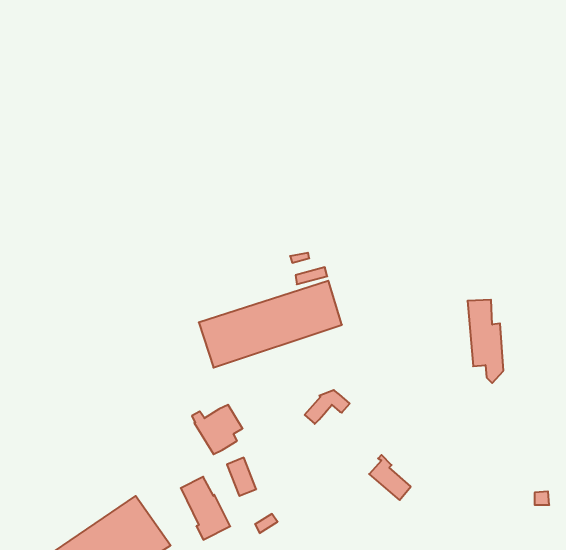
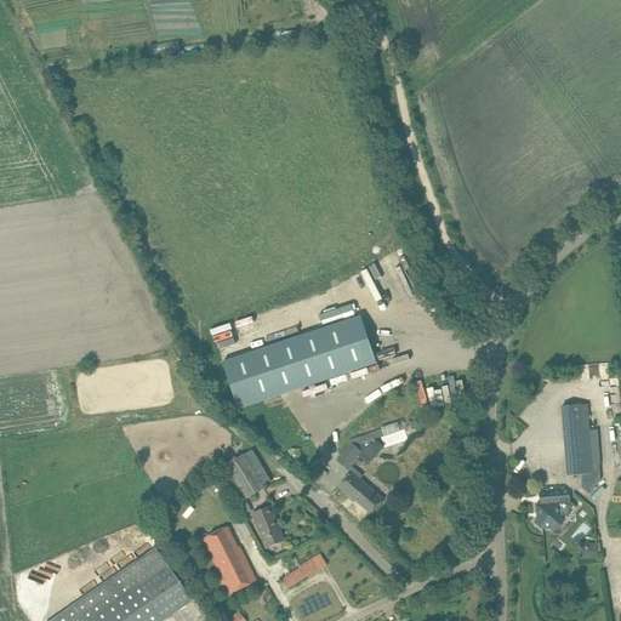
building: [467,300,503,383] -> [562,403,600,492]
building: none -> [535,486,576,534]
building: [369,455,411,500] -> [338,465,383,513]

